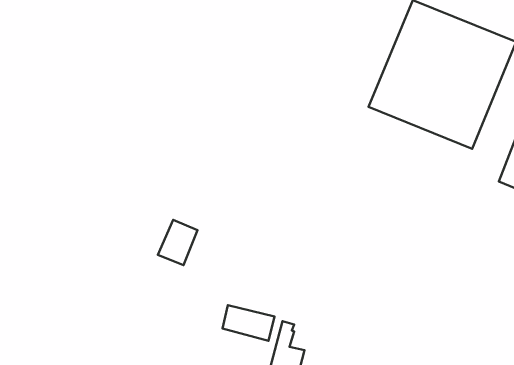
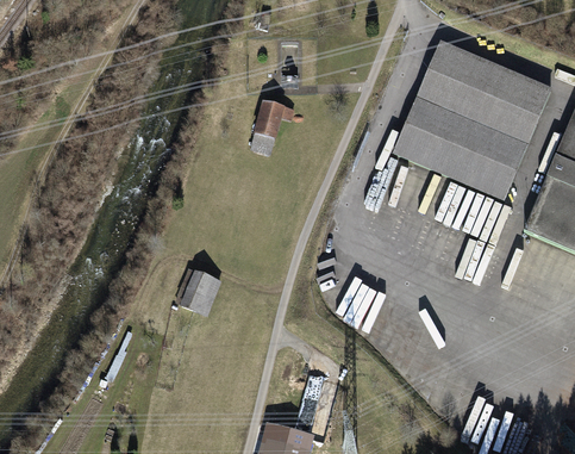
building: none -> [255,99,286,138]
building: [222,305,275,341] -> none

